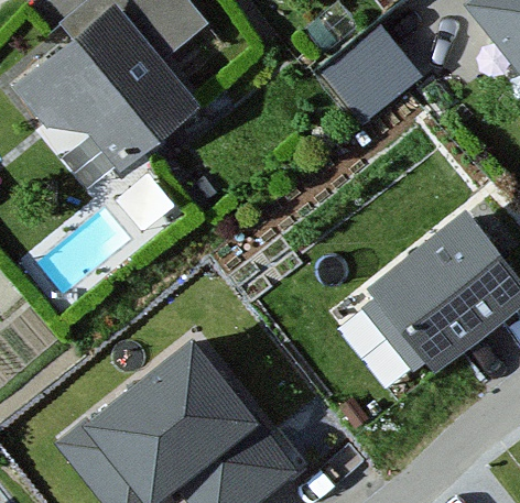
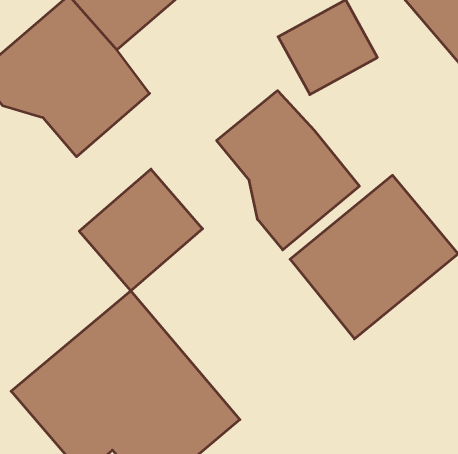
building: none -> [217,91,359,250]
building: none -> [79,169,203,291]

